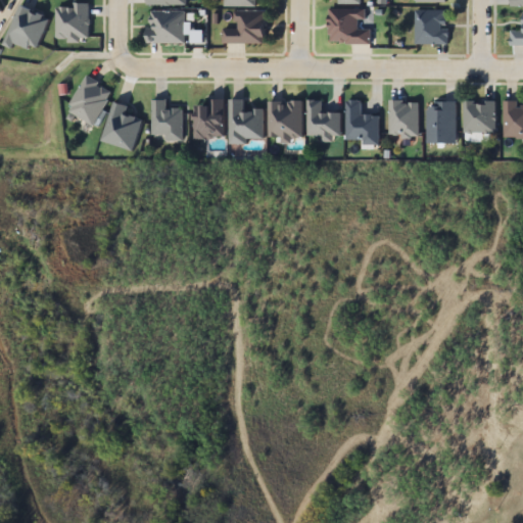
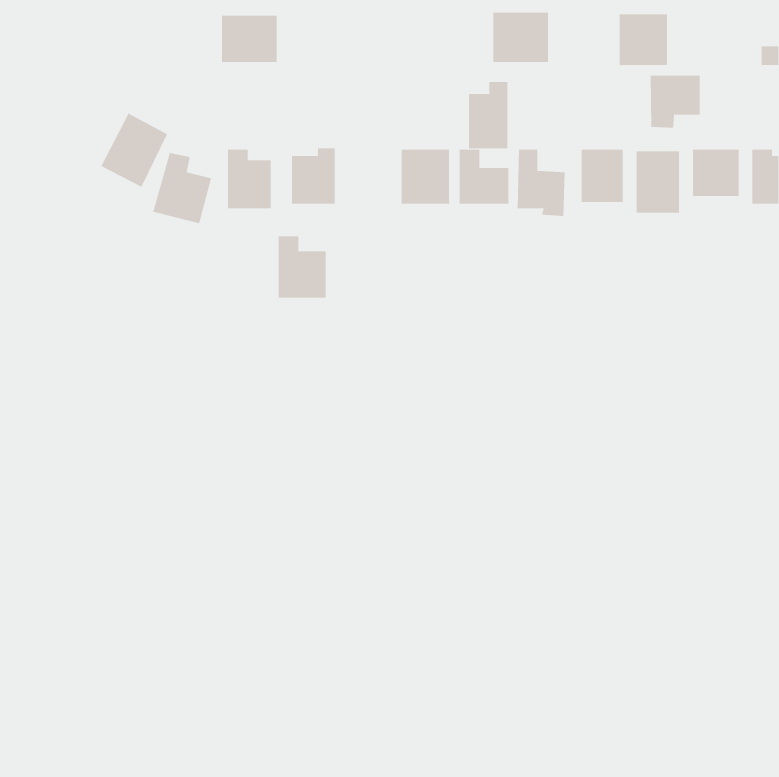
building: [5,4,49,53] -> none
building: [57,4,89,39] -> none
building: [224,10,267,42] -> none
building: none -> [650,75,700,128]
building: none -> [468,81,508,149]
building: [230,99,263,141] -> [278,236,327,298]

